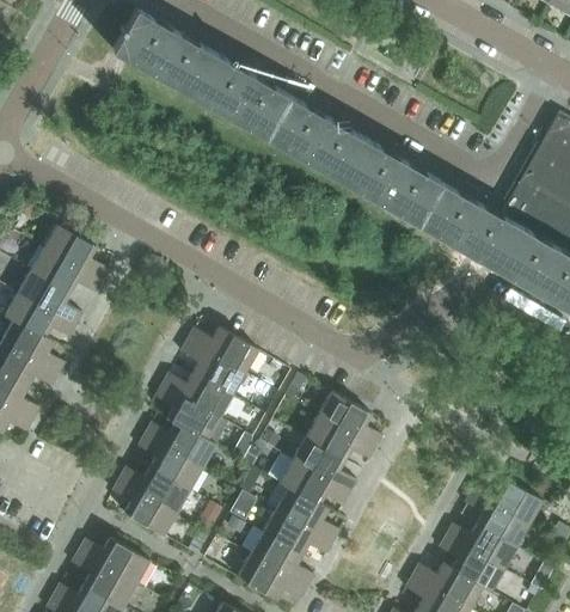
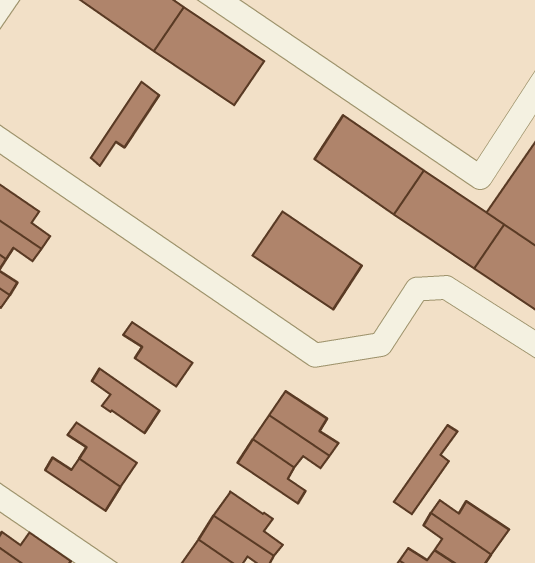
building: [263,96,362,180] -> [253,211,362,309]
building: none -> [91,82,159,166]
building: [186,328,257,373] -> none
building: [160,373,231,418] -> none
building: none -> [394,425,457,514]
building: [143,422,214,467] -> none
building: [278,460,349,504] -> none
building: [111,481,176,536] -> none

